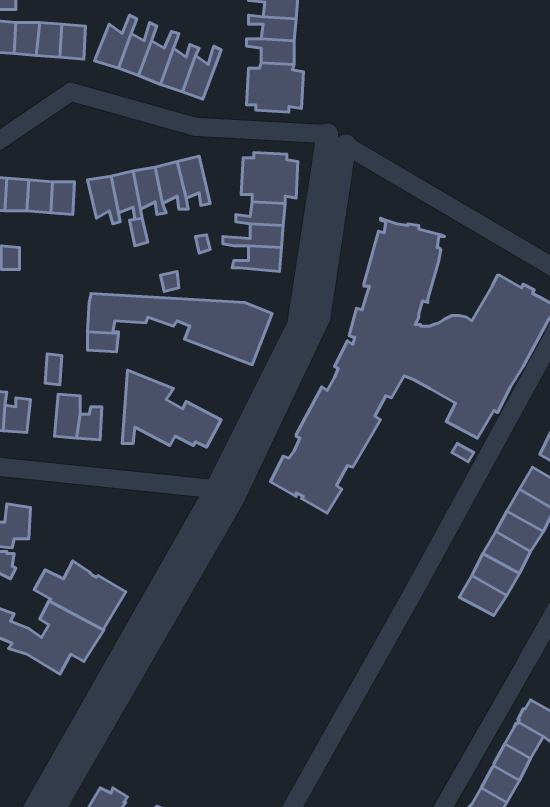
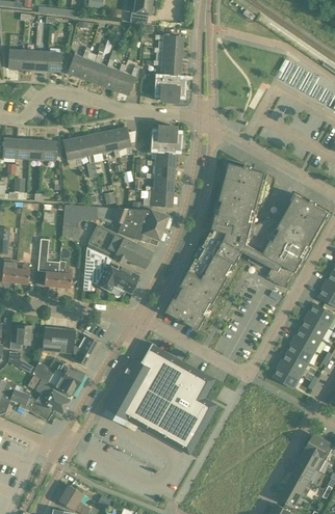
building: none -> [143,190,172,207]
building: none -> [85,224,152,268]
building: none -> [42,327,100,366]
building: none -> [106,343,217,454]

